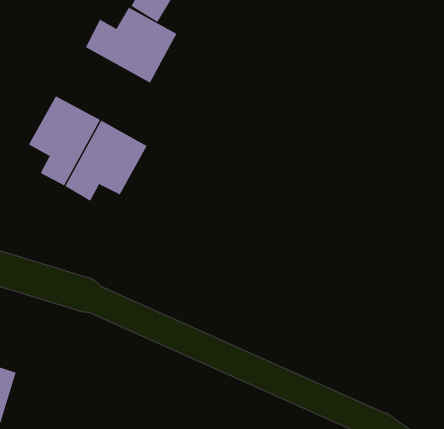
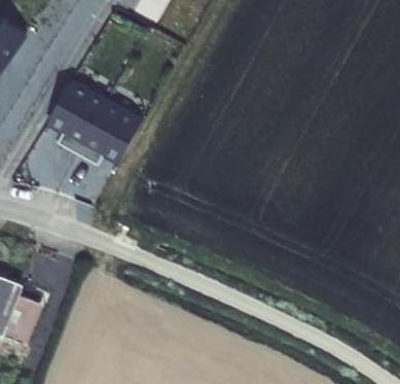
building: [85,7,177,83] -> none

